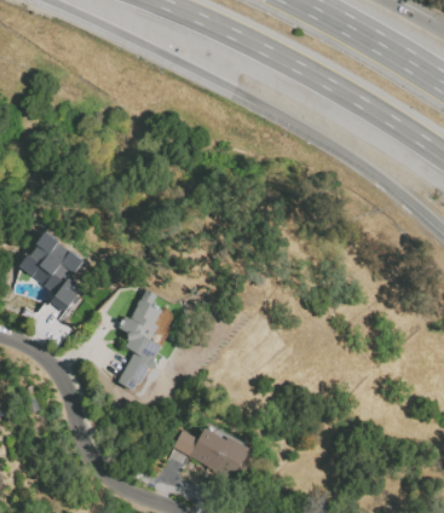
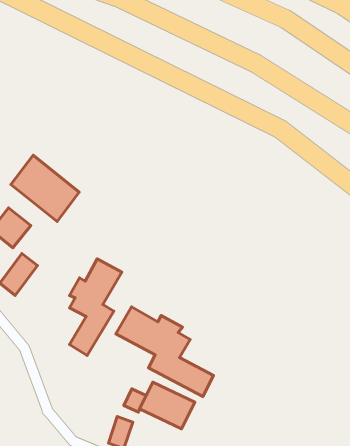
building: none -> [11,155,79,221]
building: none -> [116,307,213,397]

